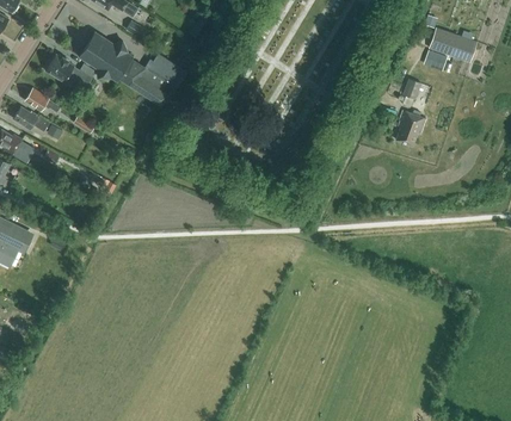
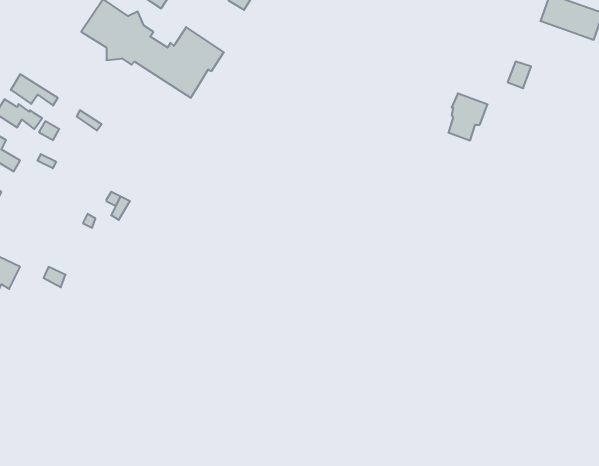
building: [45,55,96,86] -> none
building: [396,110,426,146] -> [448,93,488,140]

